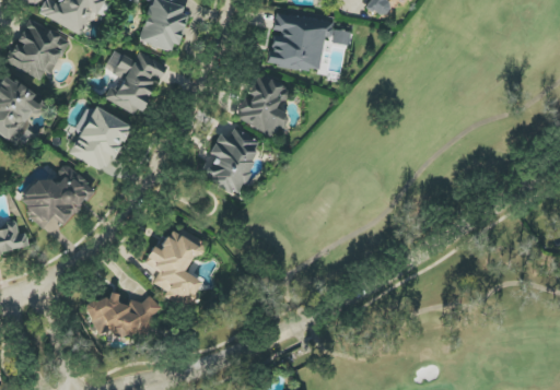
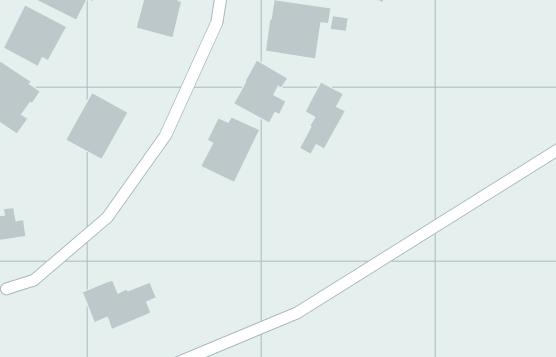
building: [105,50,166,114] -> none
building: none -> [299,82,346,155]
building: [16,163,95,227] -> none
building: [143,226,203,309] -> none

